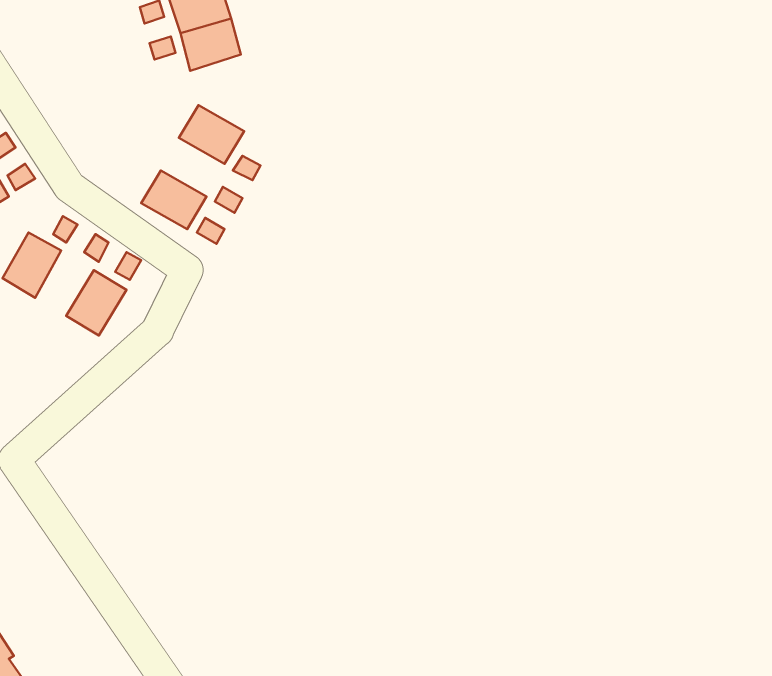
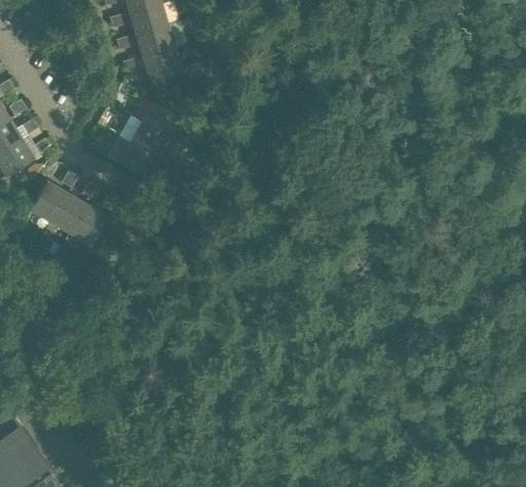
building: none -> [127,120,167,157]
building: none -> [48,191,85,232]

